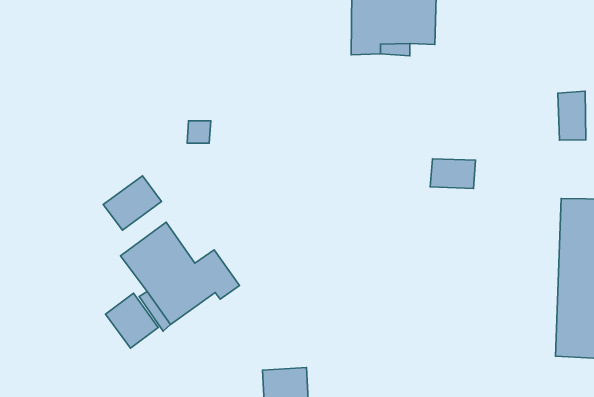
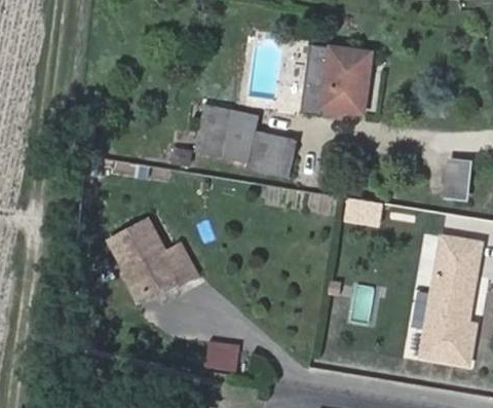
building: none -> [193,105,298,178]
building: [103,176,162,230] -> none
building: [105,293,158,348] -> none

